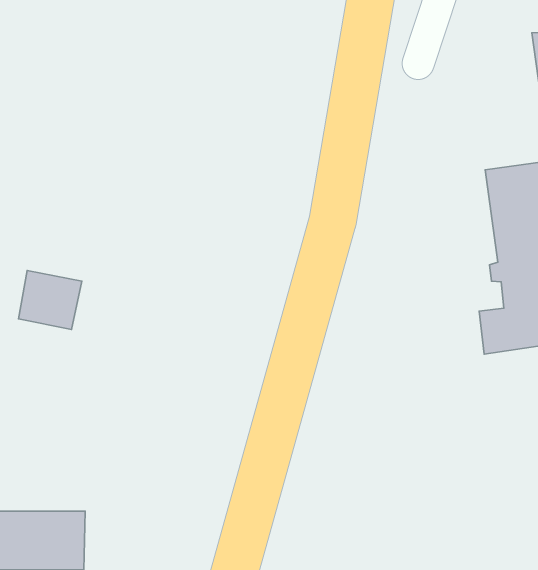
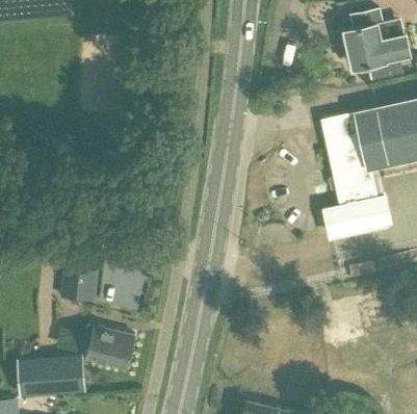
building: [19,271,82,329] -> [60,267,99,303]
building: none -> [81,326,134,368]

